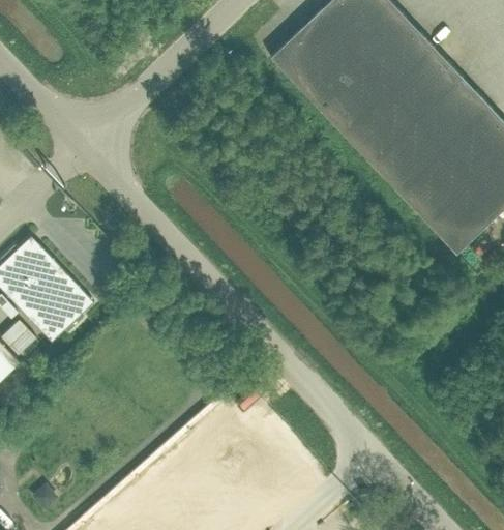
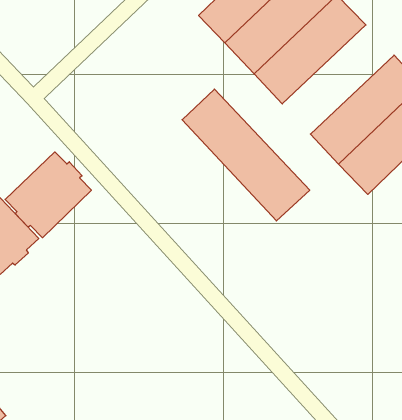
building: [361,67,484,187] -> none
building: none -> [182,89,310,221]
building: none -> [5,152,91,238]

